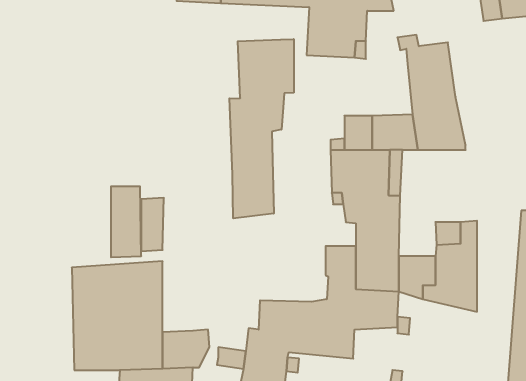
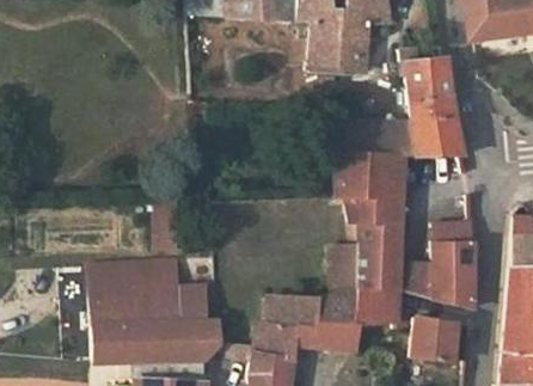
building: [229,39,294,218] -> none
building: [111,186,141,257] -> [176,261,204,327]
building: none -> [410,318,454,362]

